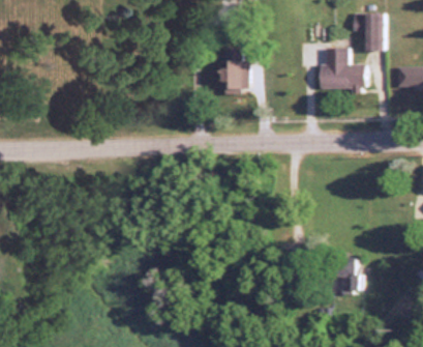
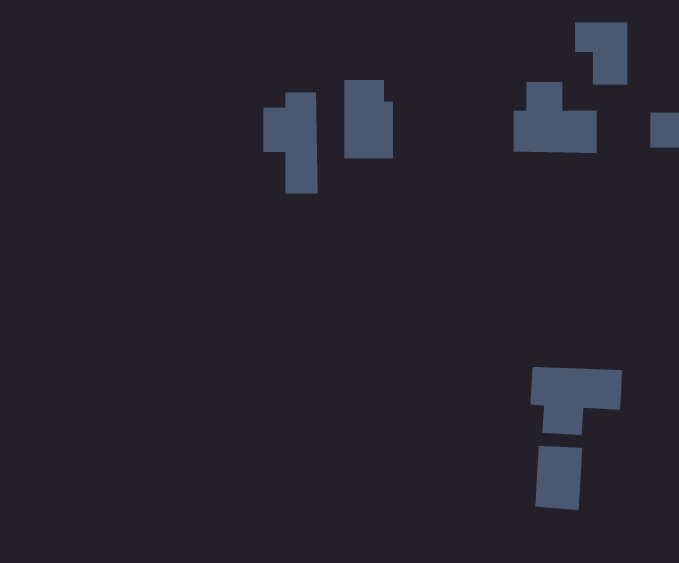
building: none -> [263,92,318,195]
building: none -> [530,366,623,436]

